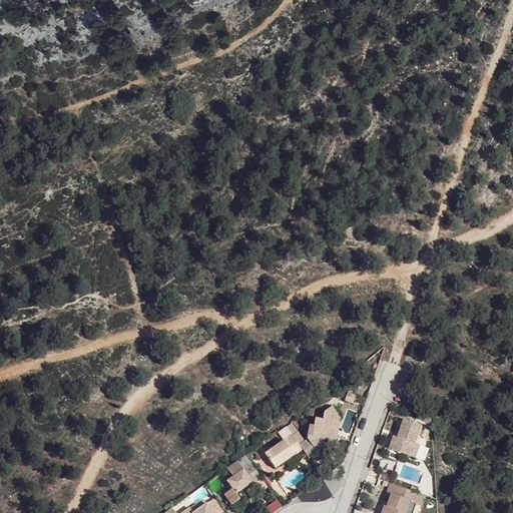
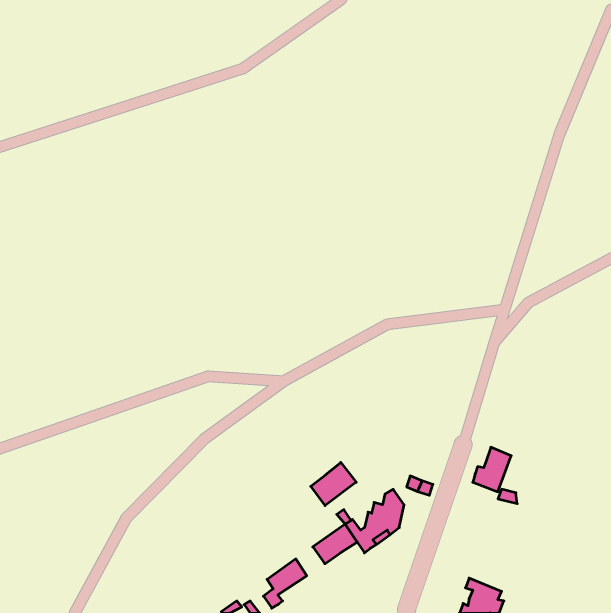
building: none -> [311,462,356,506]
building: [390,418,422,455] -> [473,447,511,492]

